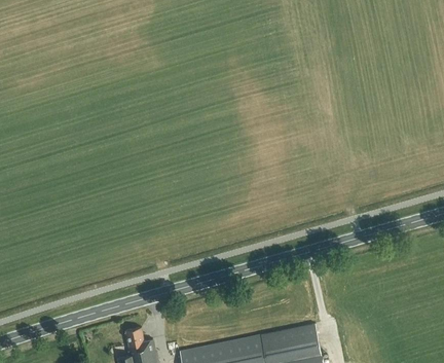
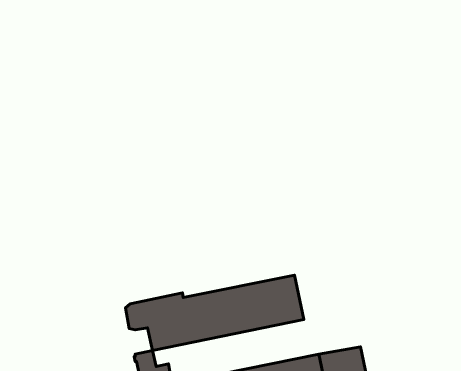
building: none -> [125,275,304,350]

